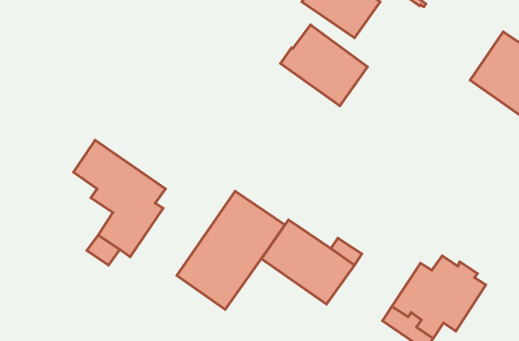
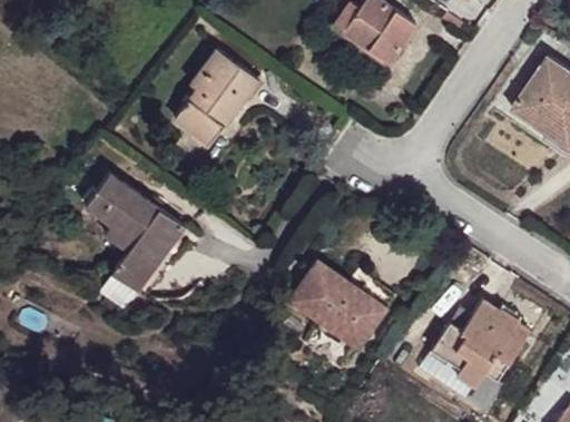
building: none -> [175,50,258,146]
building: [280,25,367,106] -> none
building: [177,191,285,310] -> none

